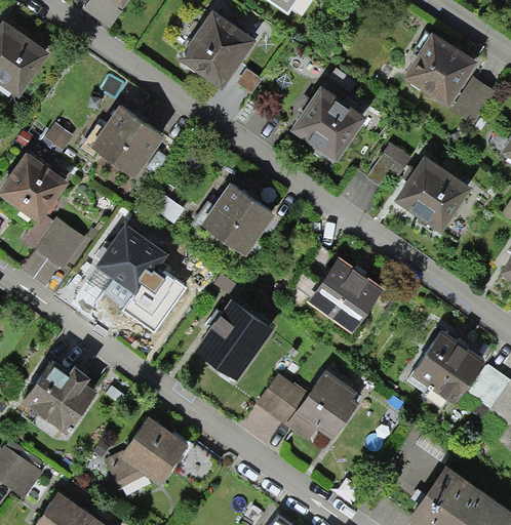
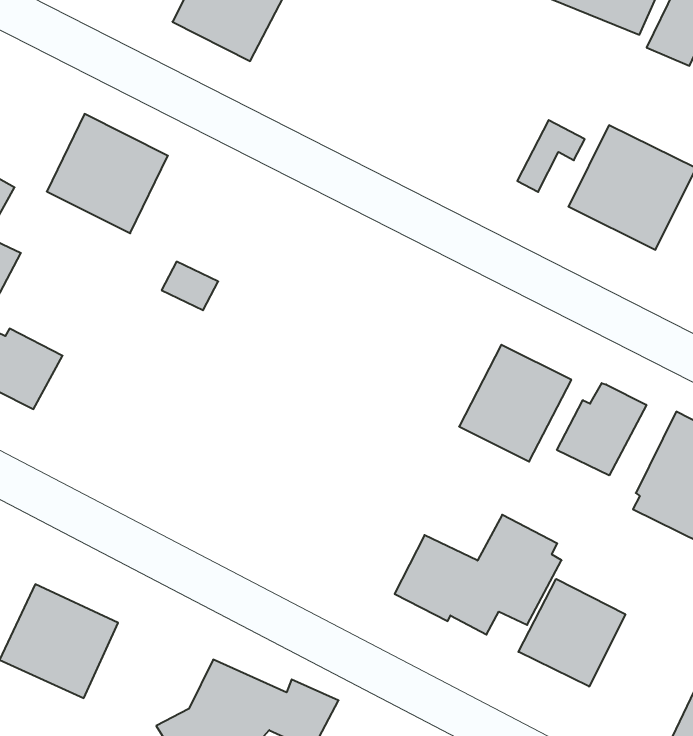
building: [288,83,364,159] -> none
building: [200,179,275,253] -> none
building: [96,219,183,329] -> none
building: [198,296,272,373] -> none
building: none -> [557,383,646,475]
building: none -> [518,579,625,687]

